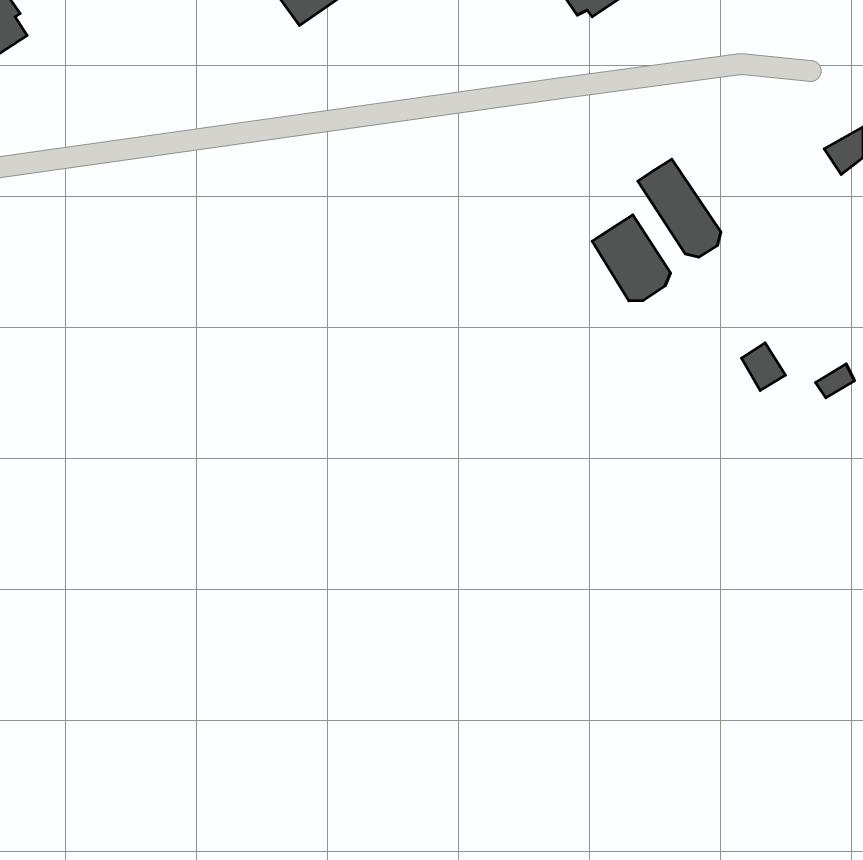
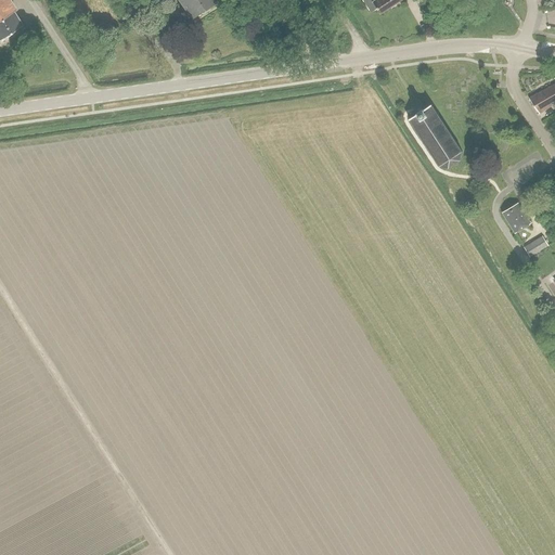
building: [592,215,670,301] -> none
building: [741,343,785,390] -> [502,201,530,231]

